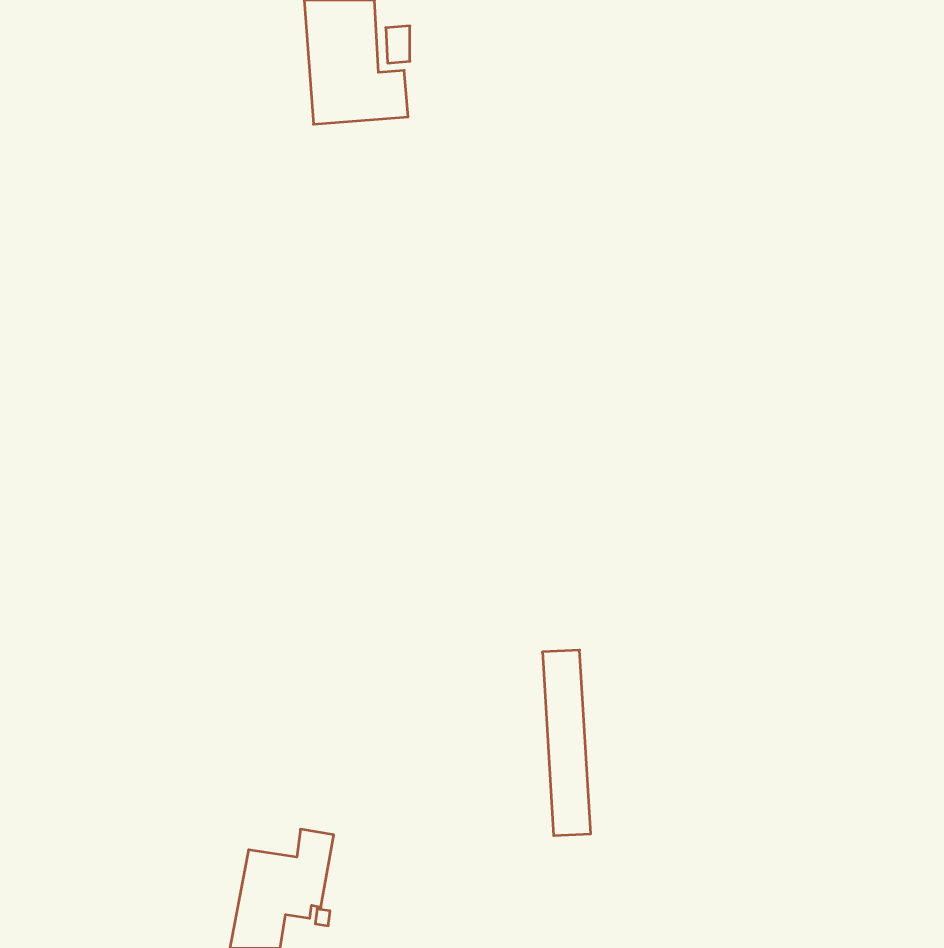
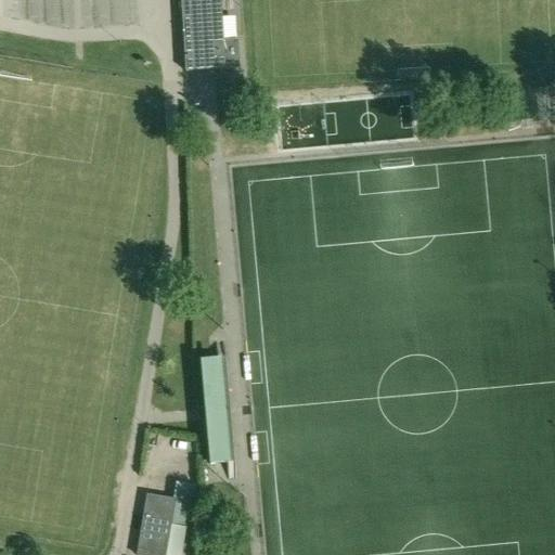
building: [542,650,591,836] -> [202,347,230,455]

